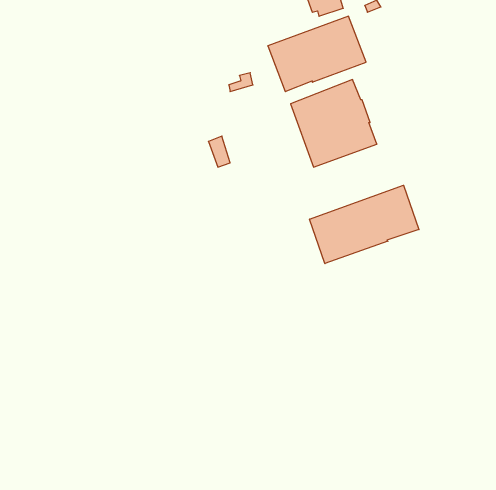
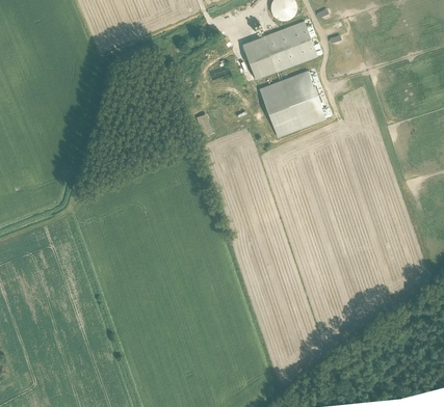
building: [310,185,419,264] -> none

